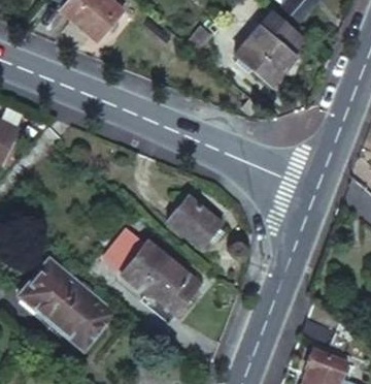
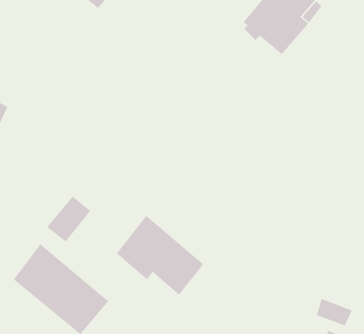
building: [165,193,220,247] -> none
building: [98,227,140,271] -> [46,196,91,243]

